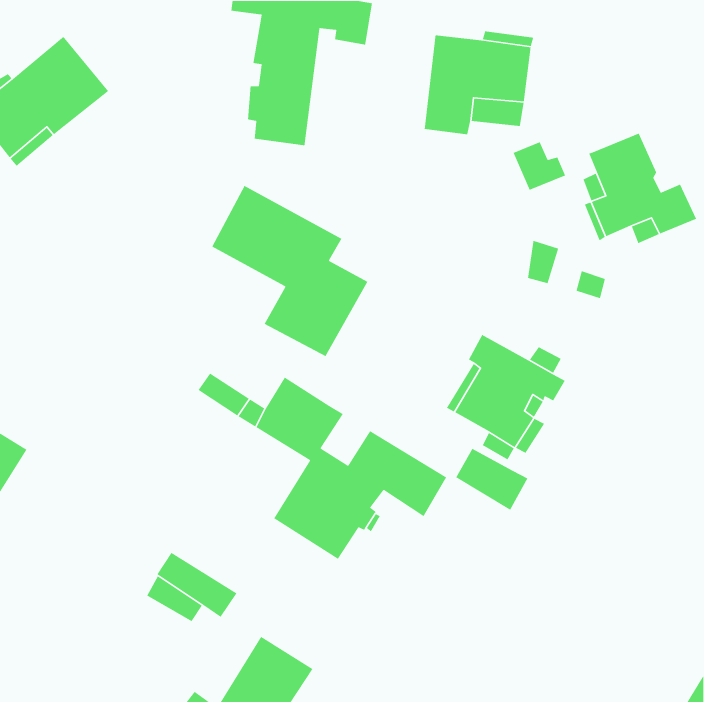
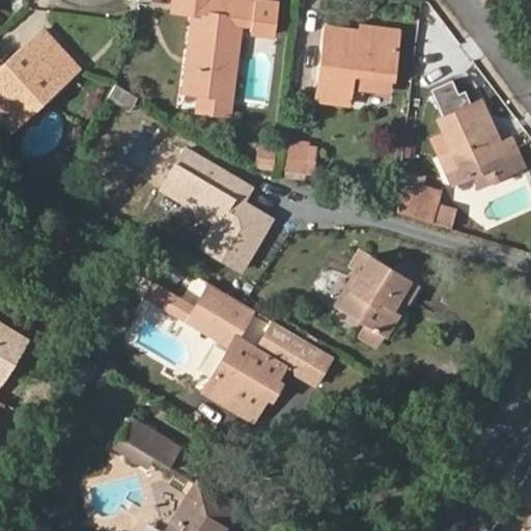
building: [512,141,566,191] -> [432,79,473,116]
building: none -> [287,138,318,171]
building: [455,447,529,511] -> none

